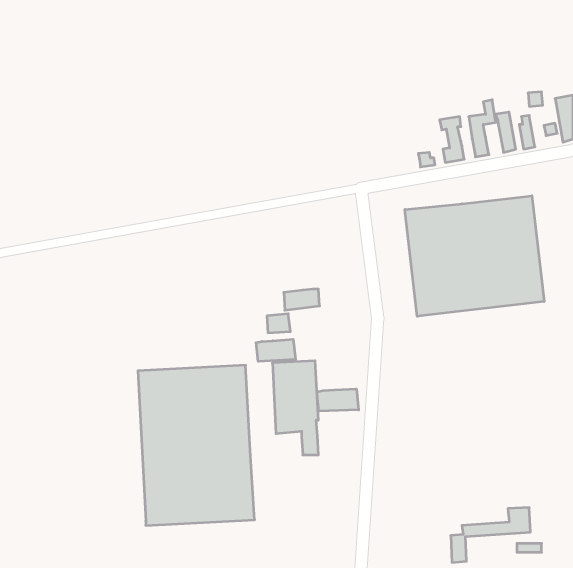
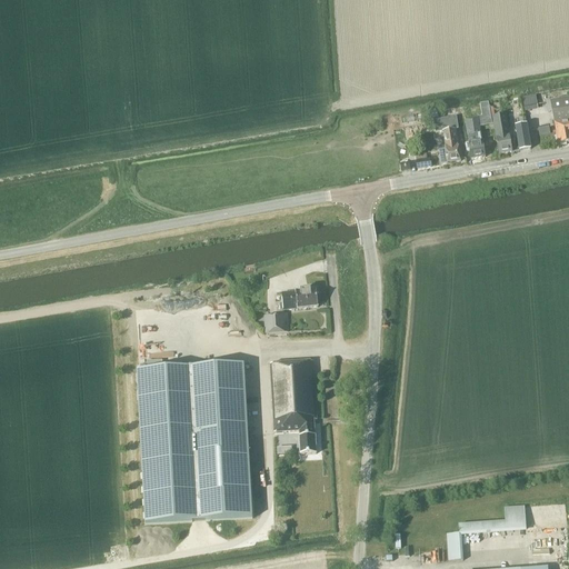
building: [405,196,544,316] -> none
building: [256,339,296,361] -> none
building: [317,389,359,411] -> none

